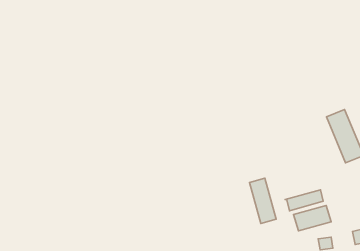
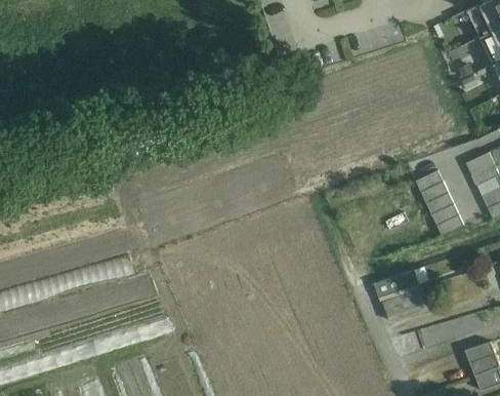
building: [249,178,276,224] -> none

